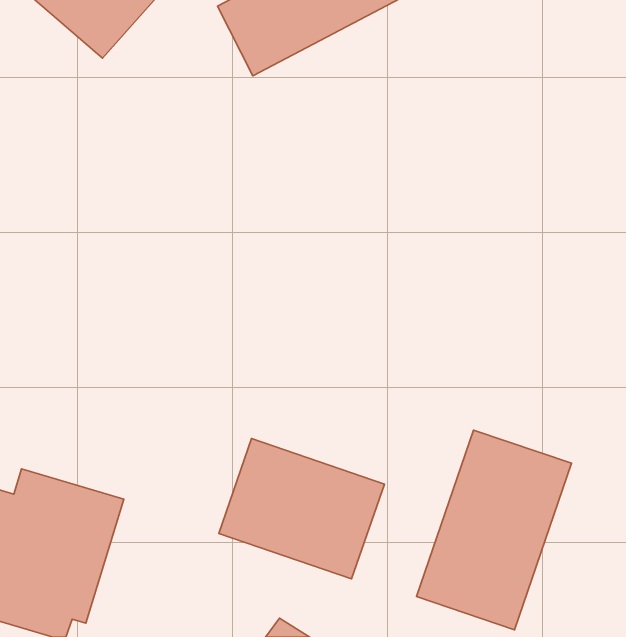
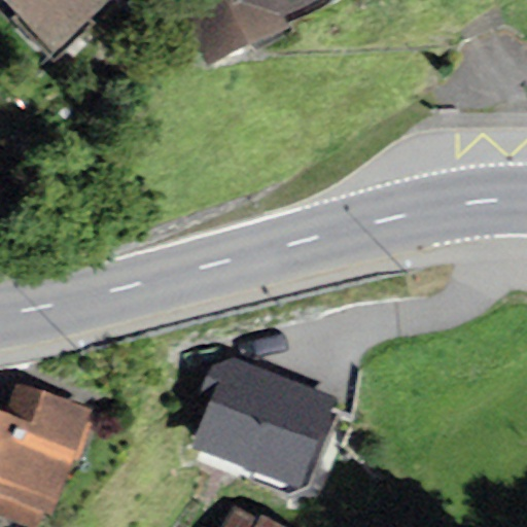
building: [416,430,572,630] -> none

